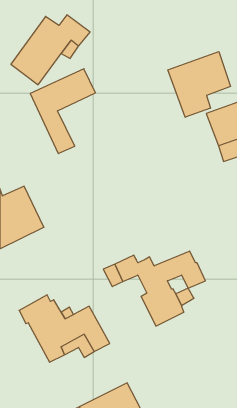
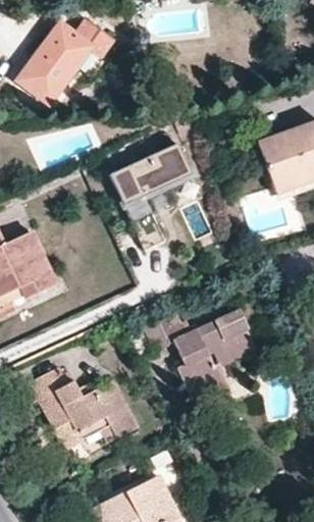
building: [168,52,231,117] -> none
building: [30,69,95,154] -> [112,140,193,245]

